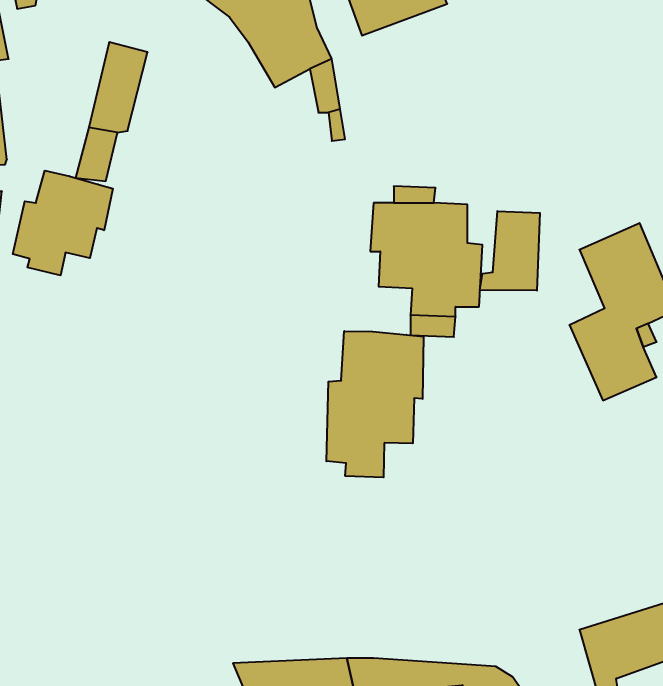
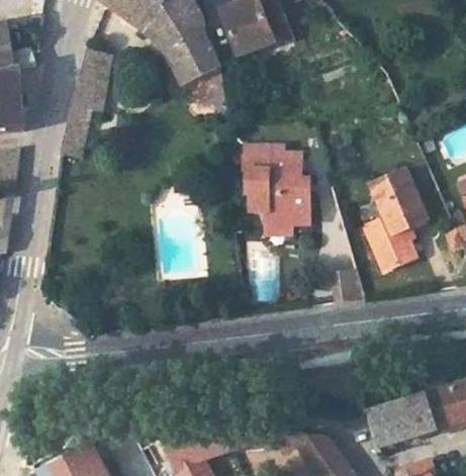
building: [13,171,113,275] -> none
building: [480,211,540,291] -> none
building: [326,331,424,477] -> none

